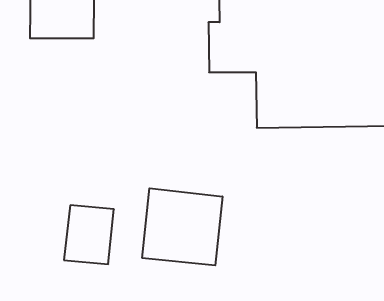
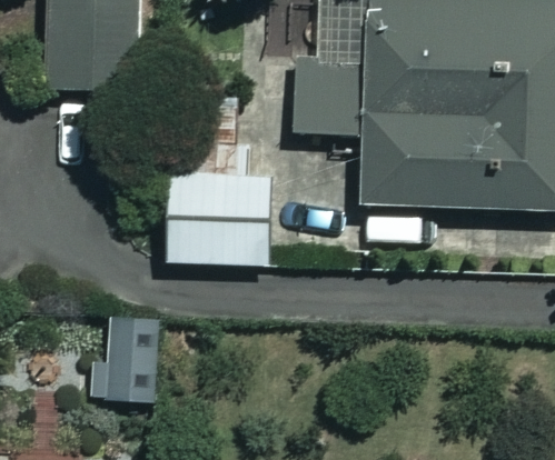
building: none -> [163,169,272,262]
building: [142,188,222,265] -> none

